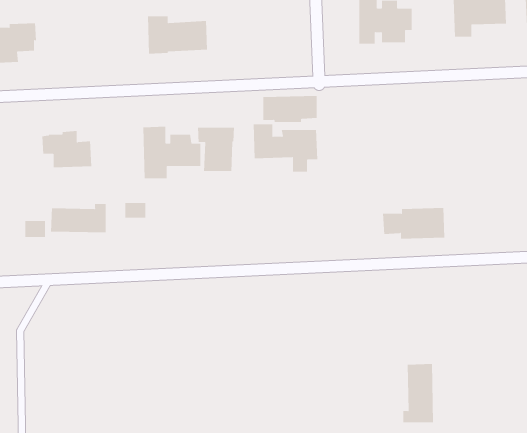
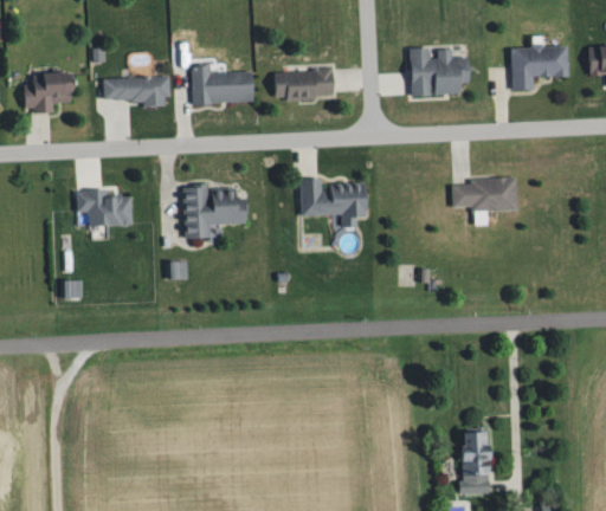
building: none -> [103,75,170,105]
building: [262,96,318,123] -> [275,71,333,99]
building: [198,127,235,172] -> none
building: [50,203,106,233] -> none
building: [382,208,445,239] -> [451,179,517,212]

